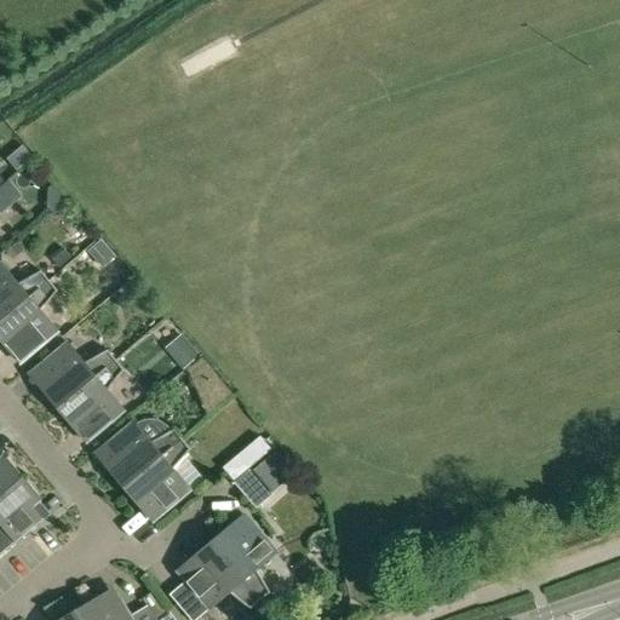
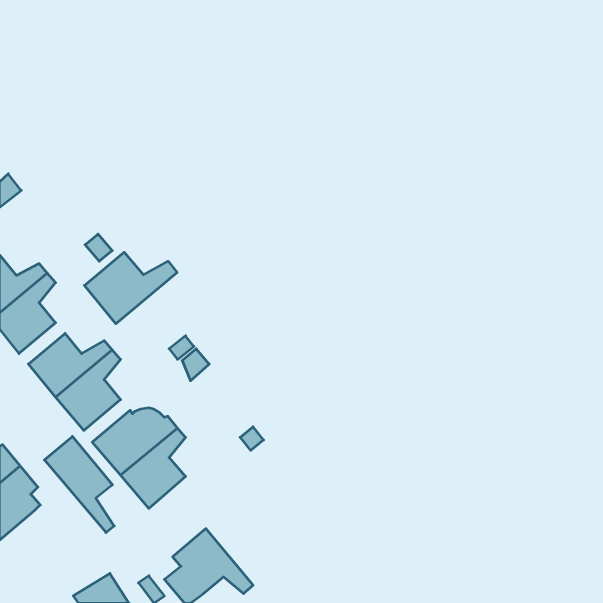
building: none -> [84,252,177,324]
building: none -> [44,436,114,533]
building: [234,466,272,507] -> none
building: [211,512,276,599] -> none

